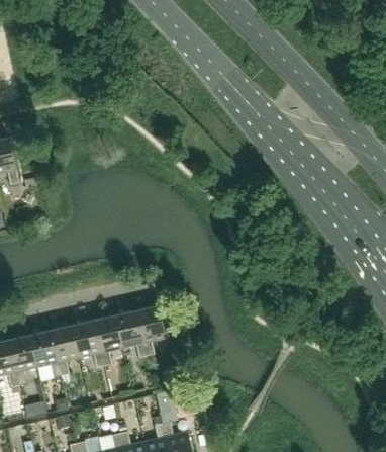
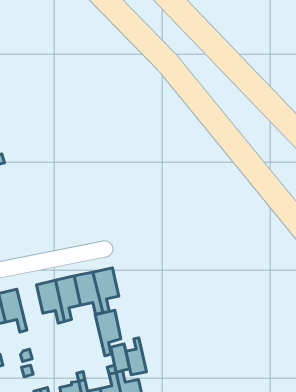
building: [51,325,80,376] -> [95,310,121,356]
building: none -> [126,338,147,375]

